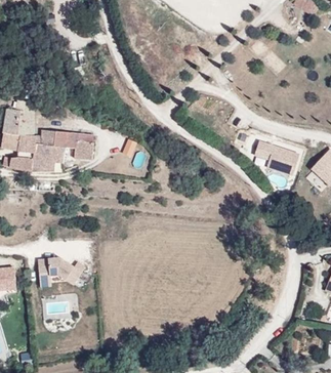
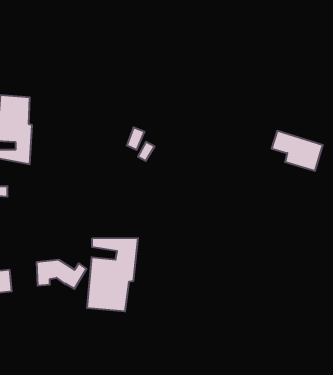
building: [31,129,91,170] -> none
building: none -> [87,238,138,312]

